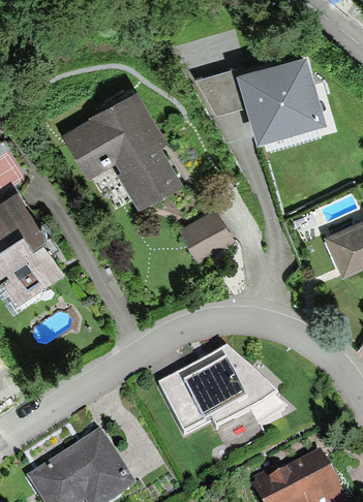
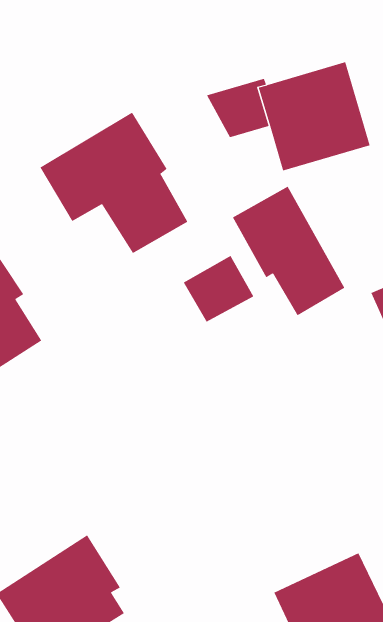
building: none -> [232,186,345,316]
building: [159,348,289,434] -> none

